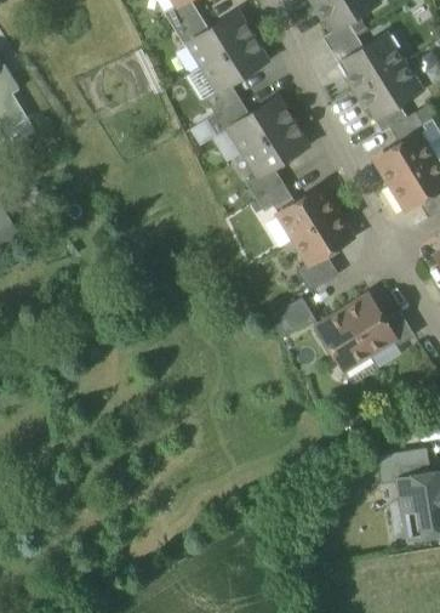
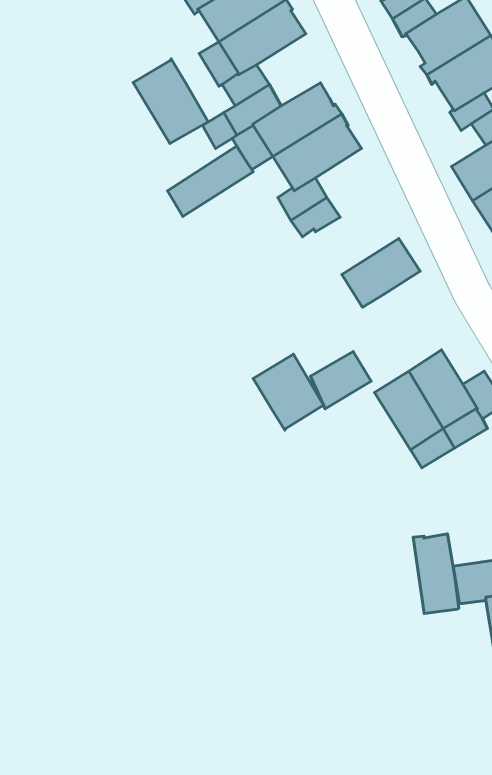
building: none -> [133,59,208,143]
building: none -> [167,146,253,216]
building: [278,187,336,238] -> none
building: [296,252,338,291] -> none
building: none -> [253,354,324,430]
building: none -> [413,534,459,614]

